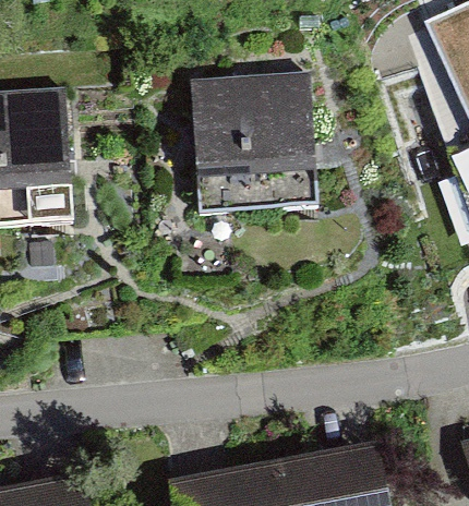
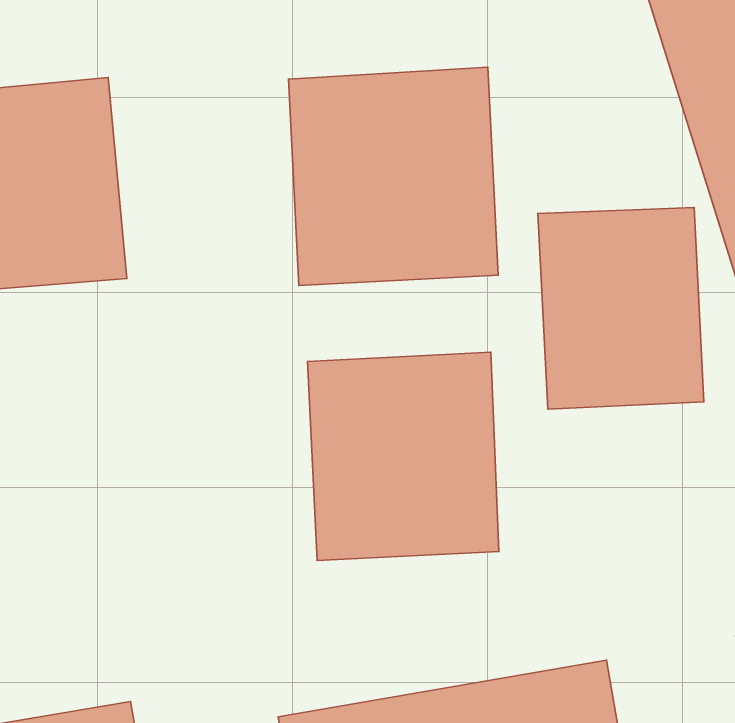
building: none -> [538,208,704,409]
building: none -> [307,352,499,561]

